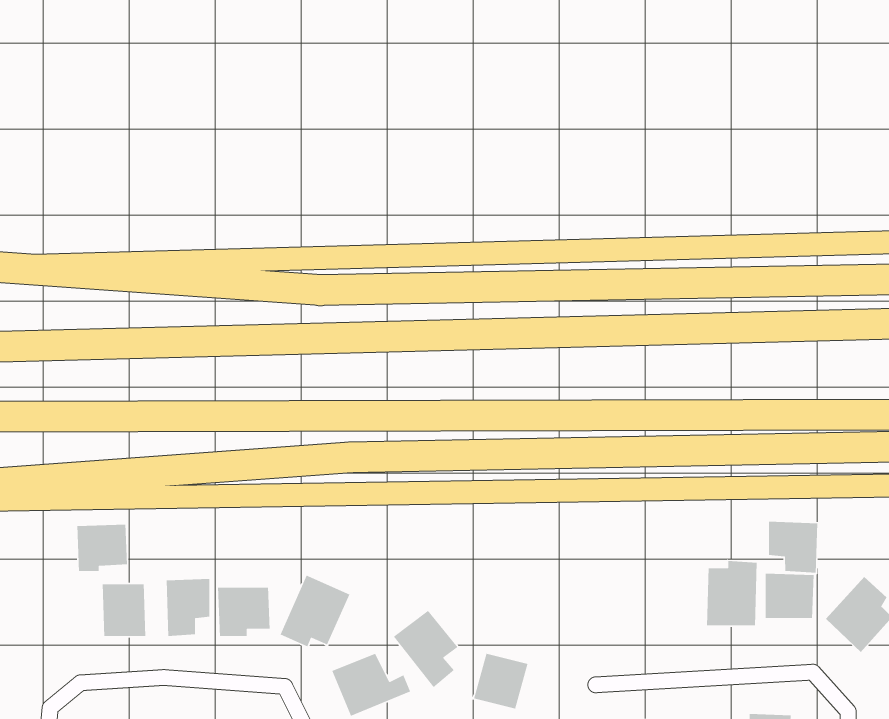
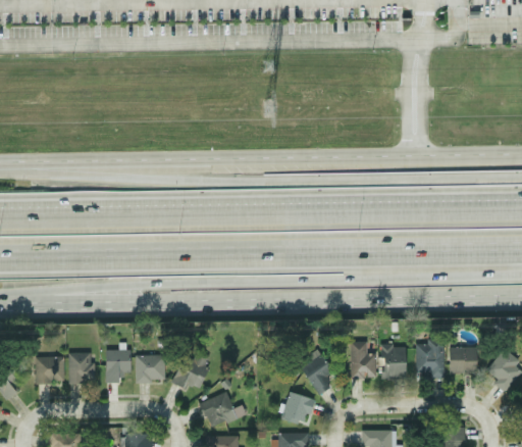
building: [768,521,818,573] -> none
building: [76,524,128,572] -> [35,356,64,384]
building: none -> [350,341,376,378]
building: none -> [382,343,406,378]
building: [393,610,458,688] -> [297,349,334,394]

